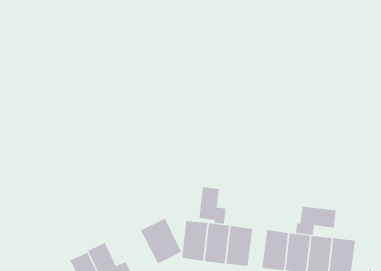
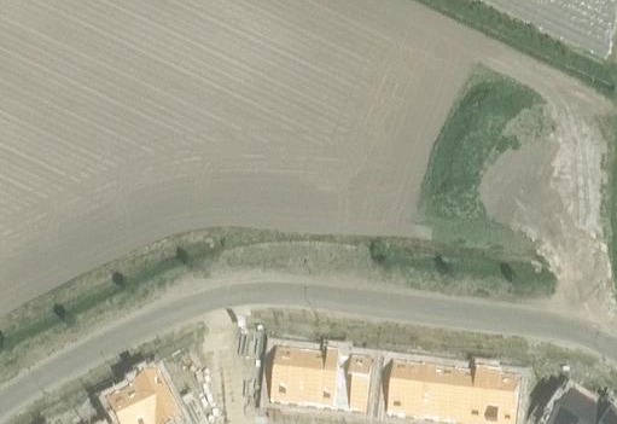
building: [199,187,226,225] -> none
building: [296,206,336,236] -> none
building: [140,218,182,264] -> none

